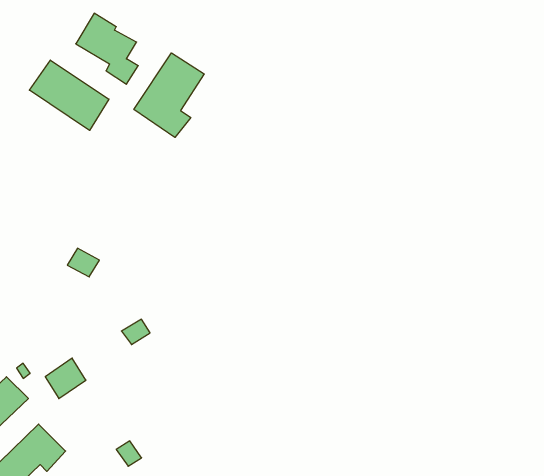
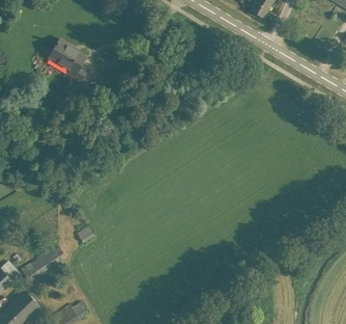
building: [134,53,204,137] -> none
building: [29,60,109,130] -> none

